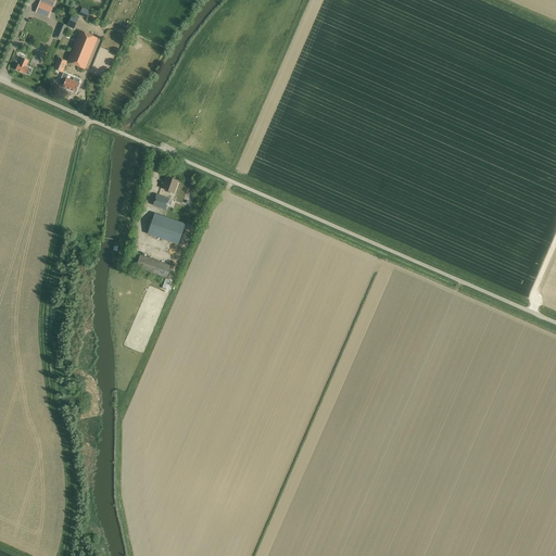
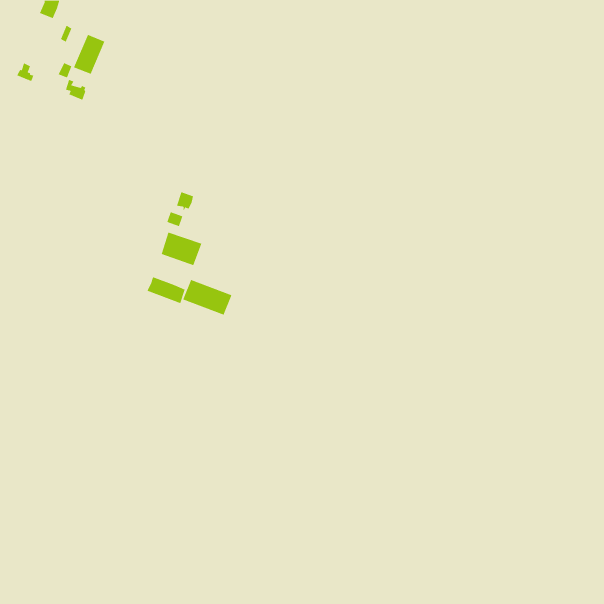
building: none -> [183,279,232,315]

